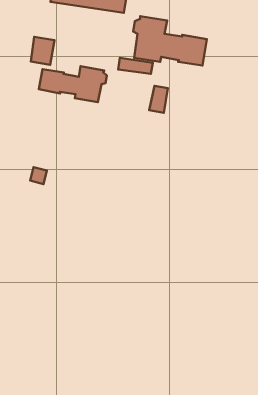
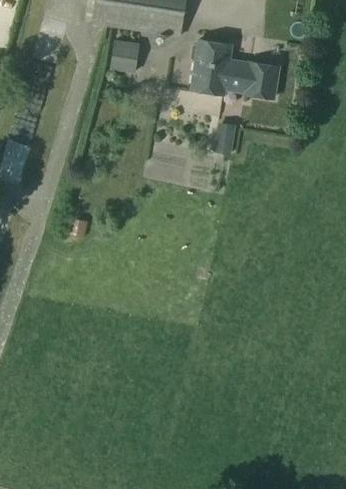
building: [31,37,54,65] -> [111,39,139,72]
building: [39,66,107,102] -> none

